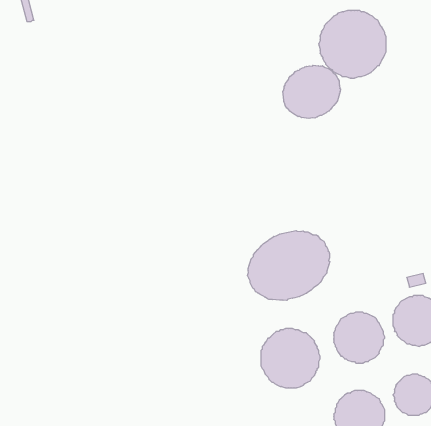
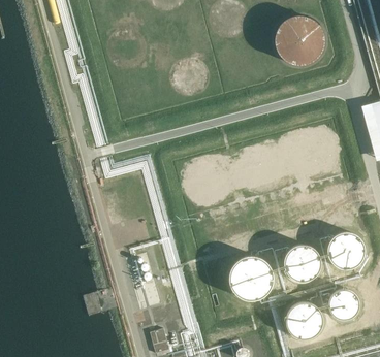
building: [283,65,341,118] -> none
building: [247,231,330,300] -> none

